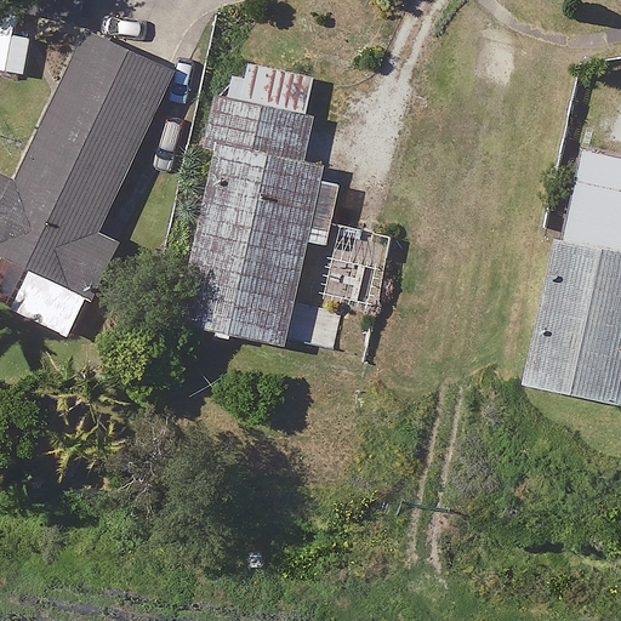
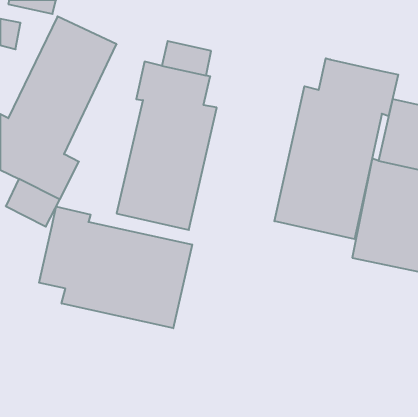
building: none -> [274,58,398,239]
building: none -> [39,207,192,328]

